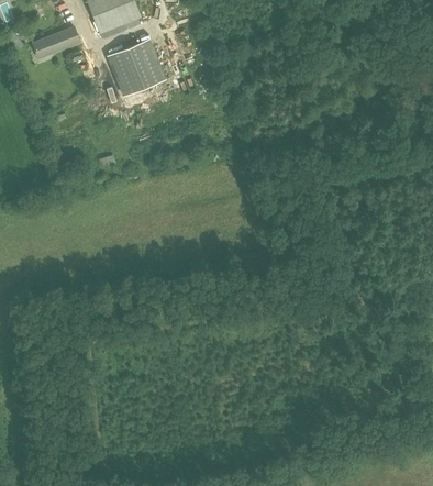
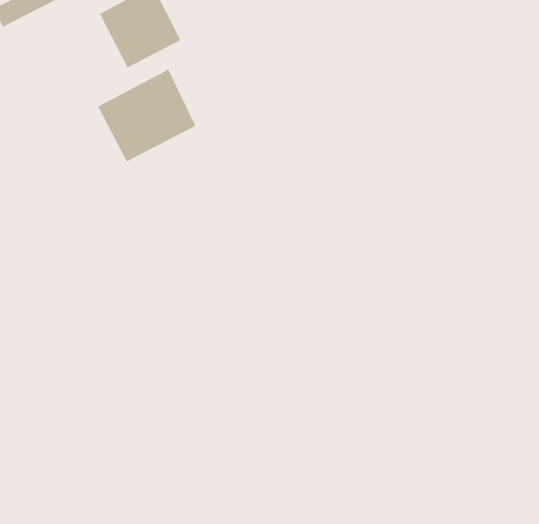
building: none -> [97,69,196,162]

